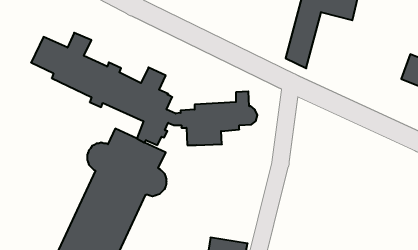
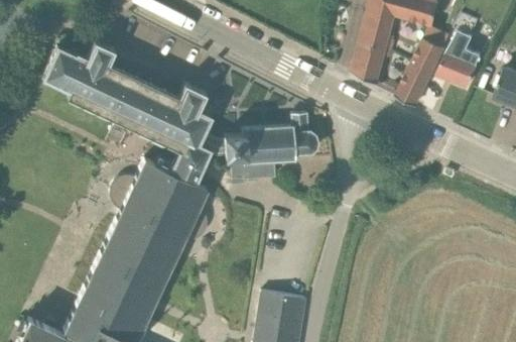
building: none -> [438,12,481,86]
building: none -> [397,27,449,106]

